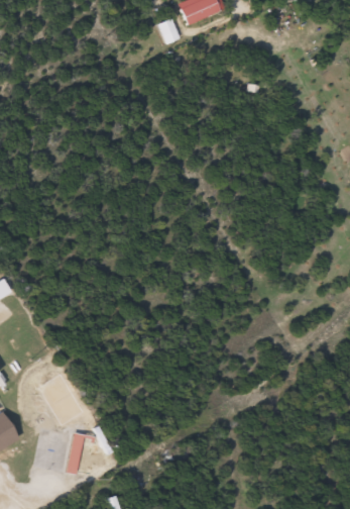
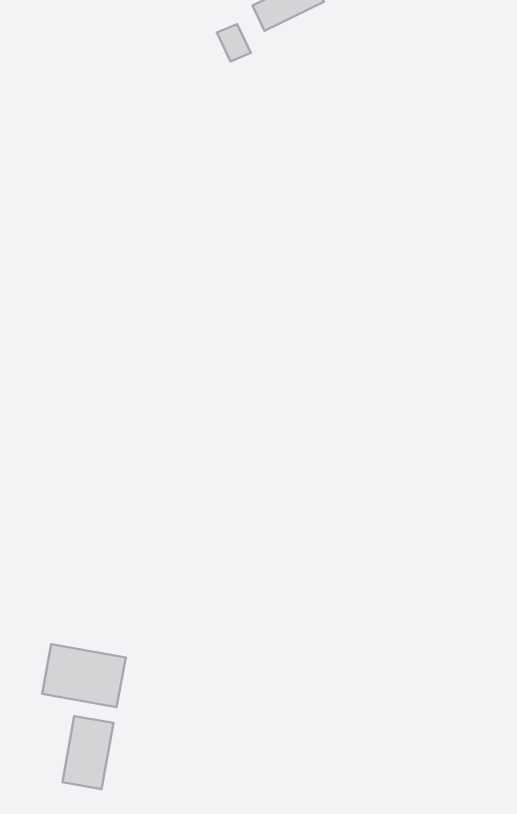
building: none -> [42,644,126,707]

